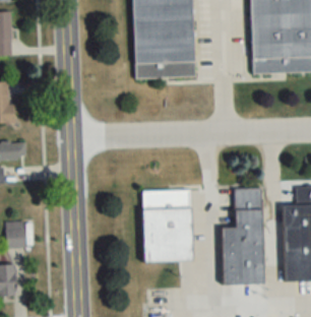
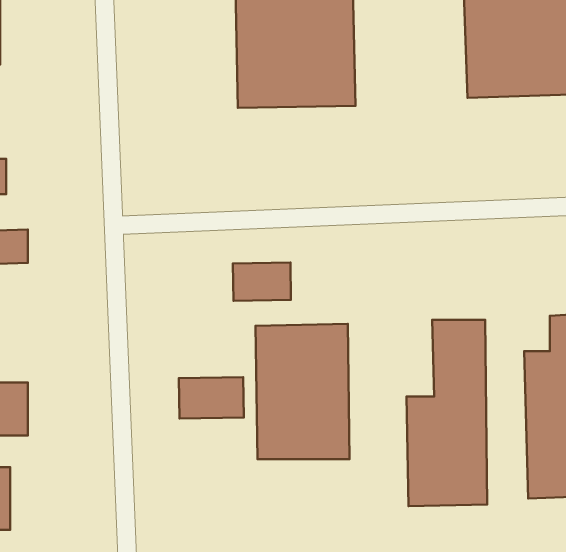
building: none -> [233,263,291,301]
building: none -> [179,377,244,418]

